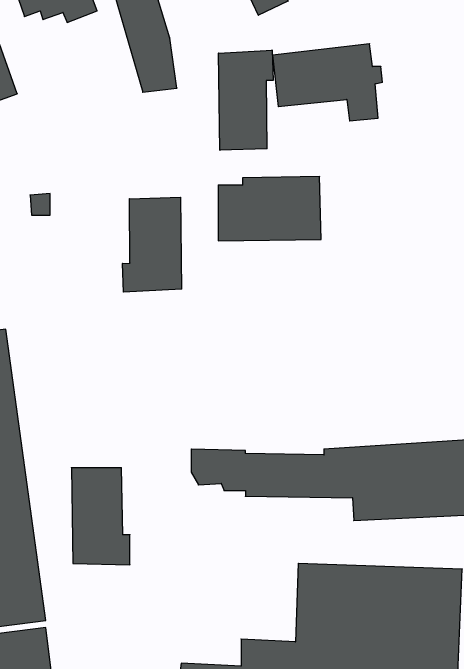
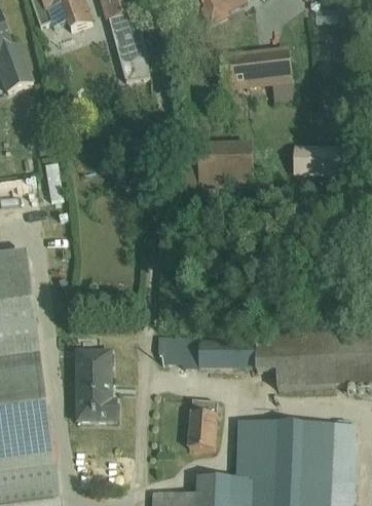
building: [219,50,273,150] -> none
building: none -> [297,147,340,173]
building: [123,197,182,292] -> none
building: none -> [188,398,218,447]

